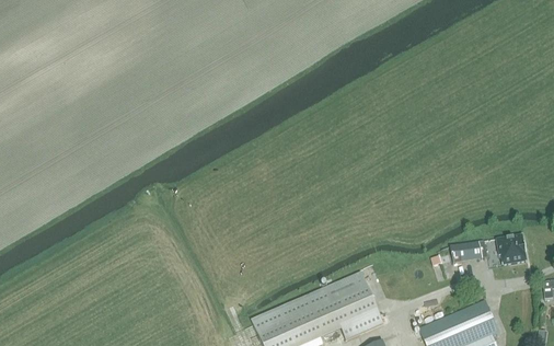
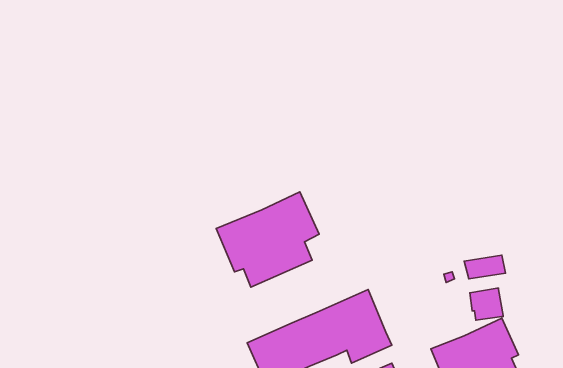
building: none -> [216,192,319,287]
building: [497,234,528,264] -> [470,288,503,320]

